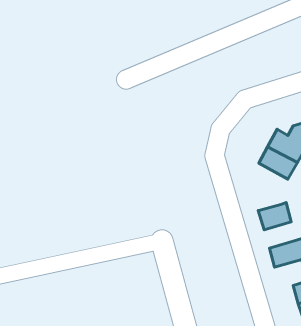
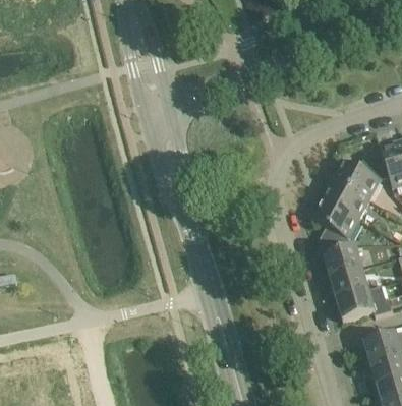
building: none -> [309,199,358,254]
building: none -> [331,268,368,298]

